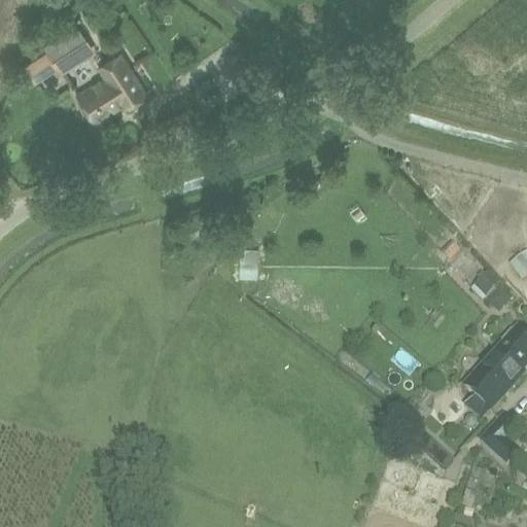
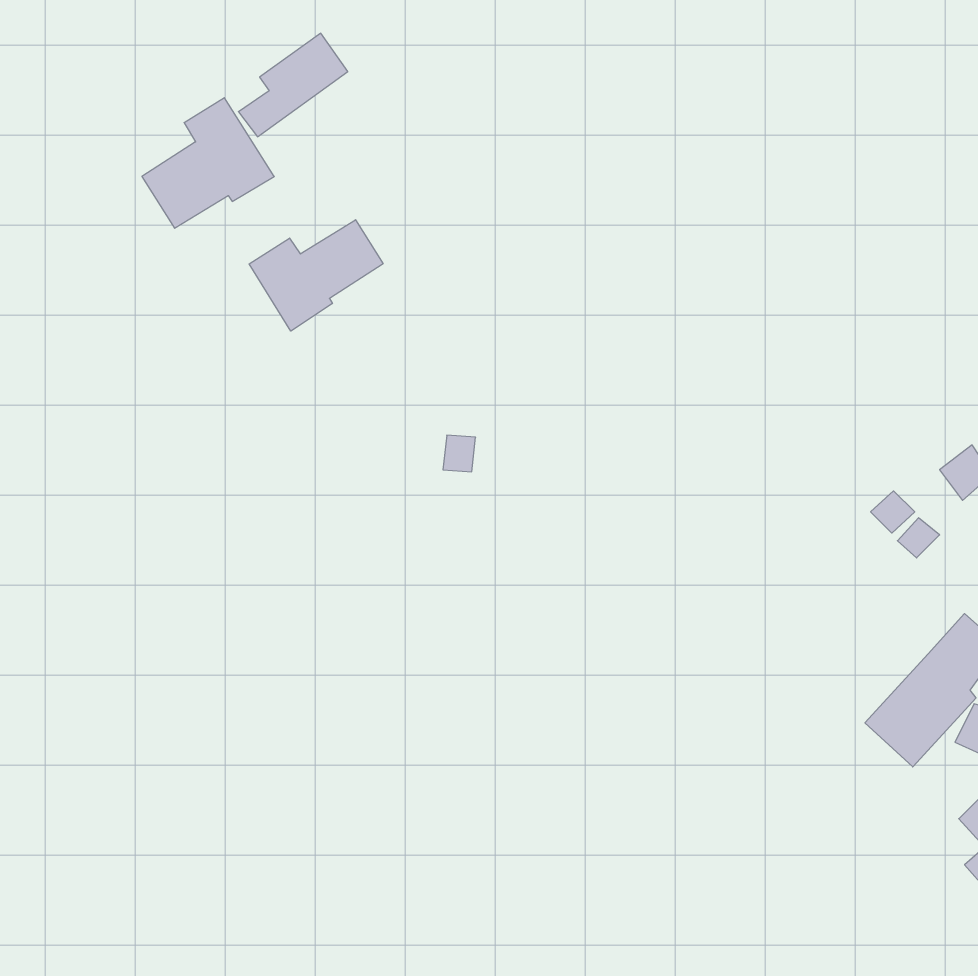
building: [32,24,91,79] -> [238,33,348,137]
building: none -> [249,220,383,331]

